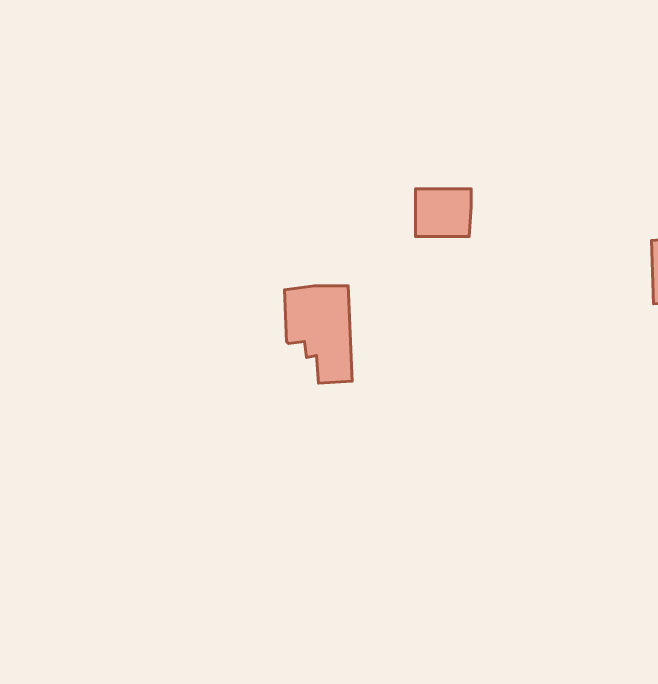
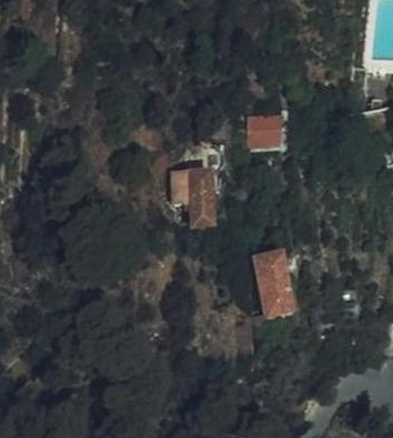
building: none -> [256,254,289,316]

